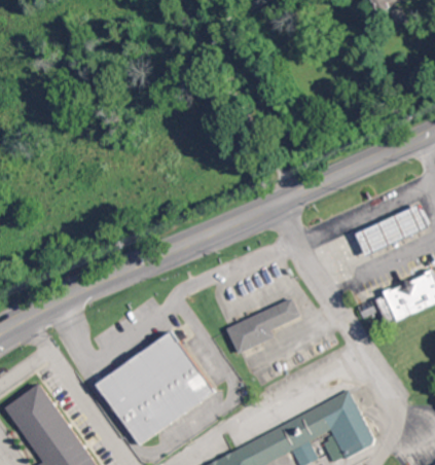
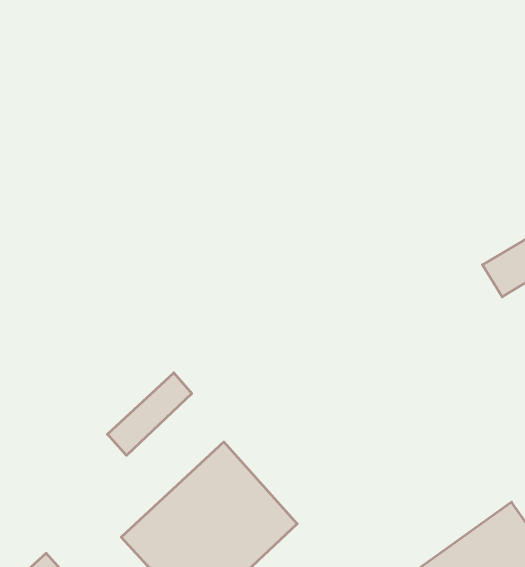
building: none -> [107,373,192,455]
building: [225,297,300,355] -> none

